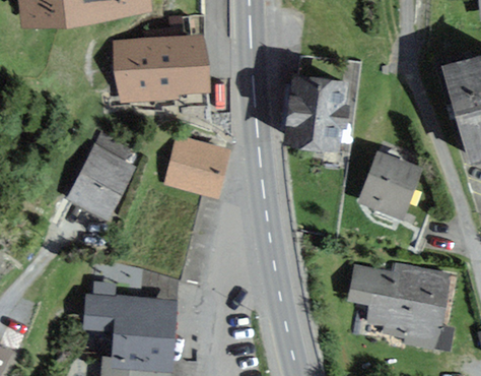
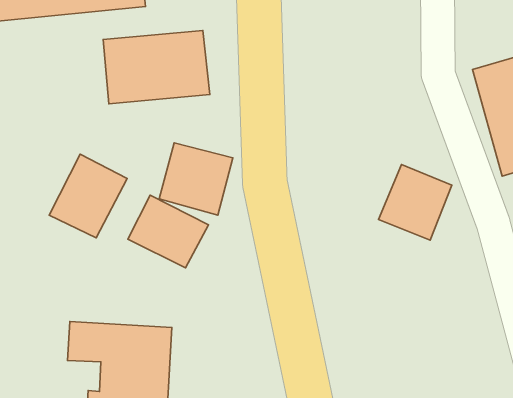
building: [285,75,348,151] -> none
building: none -> [128,195,209,268]
building: [348,264,448,346] -> none

